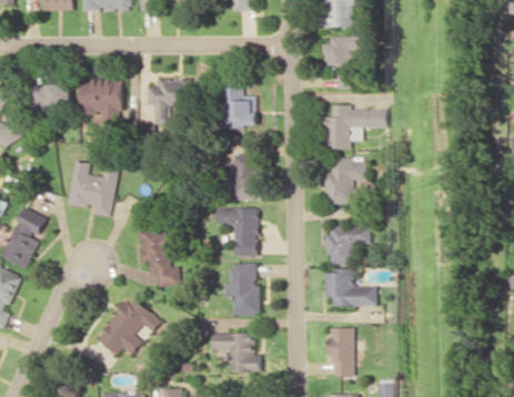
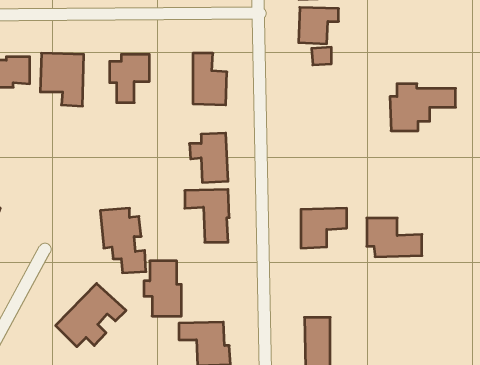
building: [324,105,386,150] -> [390,84,456,131]
building: [324,159,365,204] -> none
building: [67,161,118,217] -> none
building: [224,264,260,316] -> [144,261,181,316]
building: [324,271,376,307] -> [367,218,422,257]

